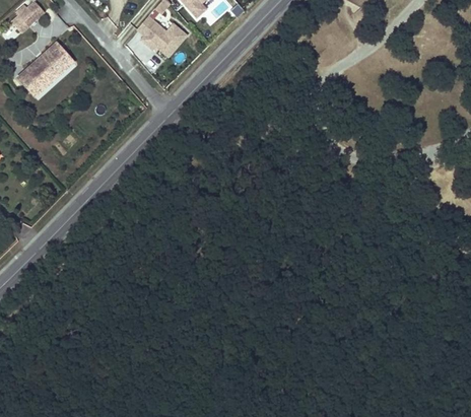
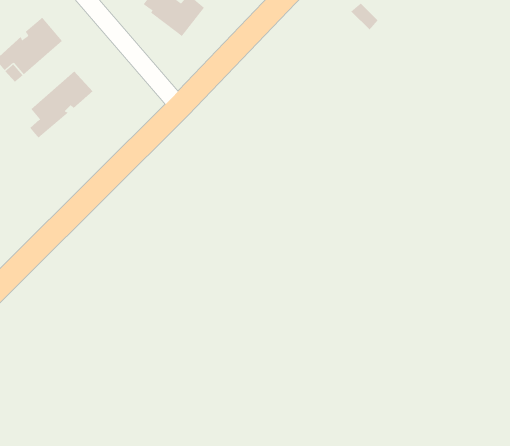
building: none -> [29,70,93,138]

